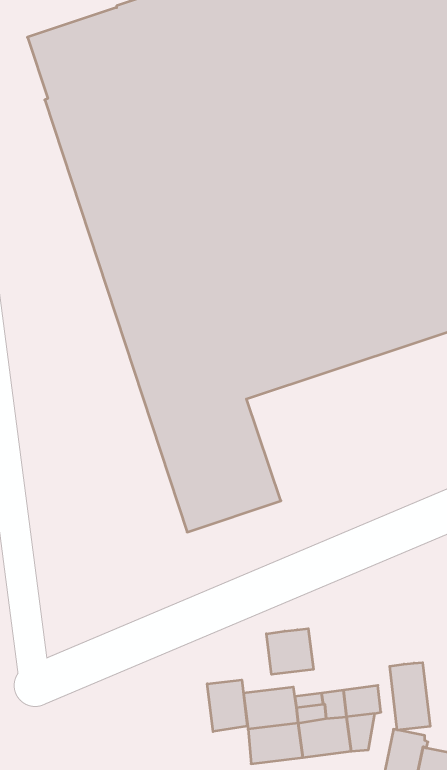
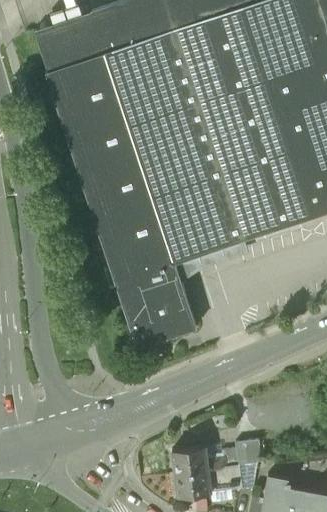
building: [266,629,313,674] -> none
building: [390,663,430,730] -> none
building: [207,680,247,732] -> none

